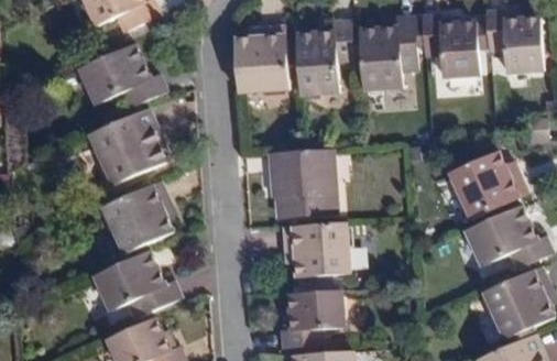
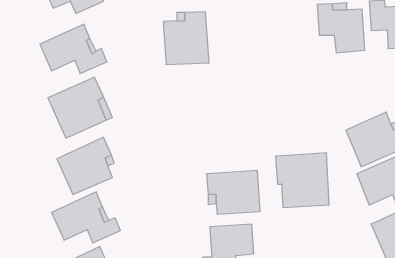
building: [357,21,414,92] -> none
building: [294,24,352,97] -> none
building: [267,151,334,218] -> [276,153,329,207]

